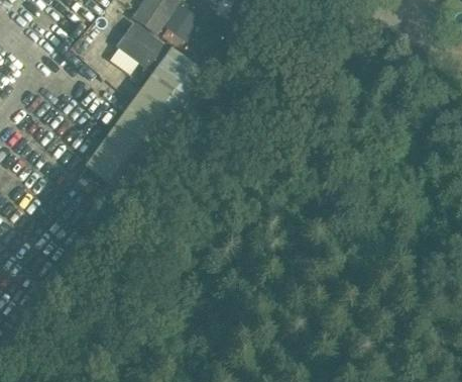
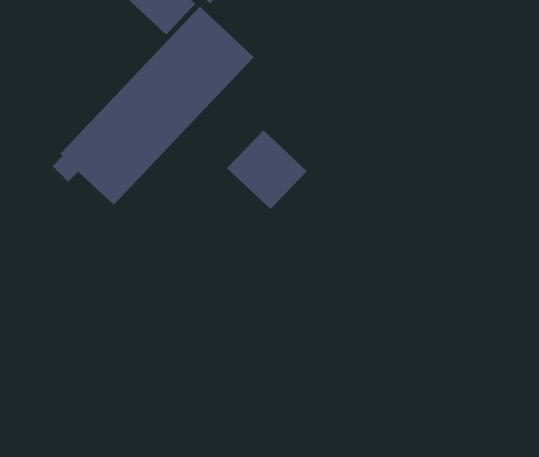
building: none -> [226,129,307,210]

